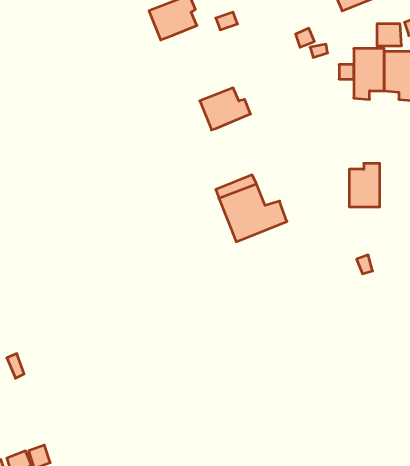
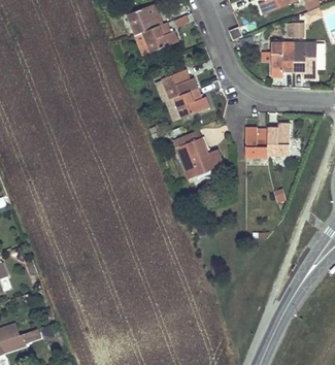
building: none -> [142,23,179,53]
building: none -> [173,88,209,119]
building: none -> [245,127,268,157]

